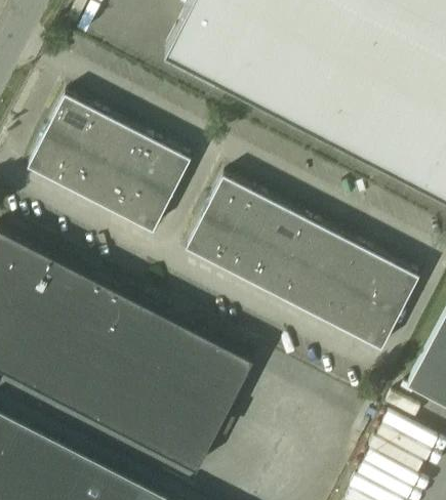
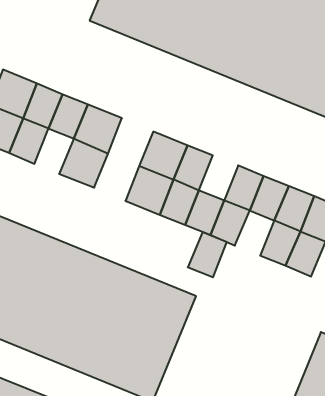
building: [91,164,136,214] -> none
building: [268,209,313,259] -> none
building: [301,273,347,323] -> [188,232,227,277]

